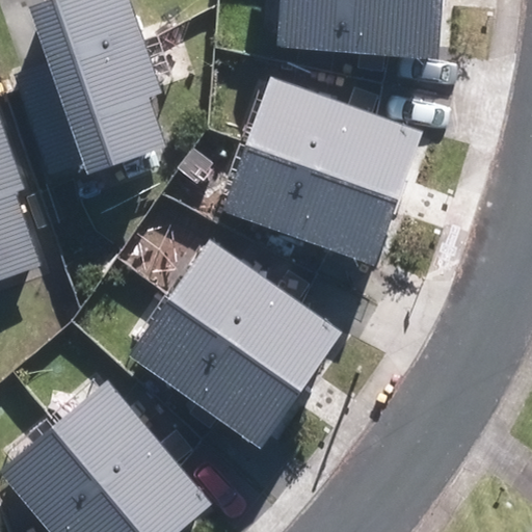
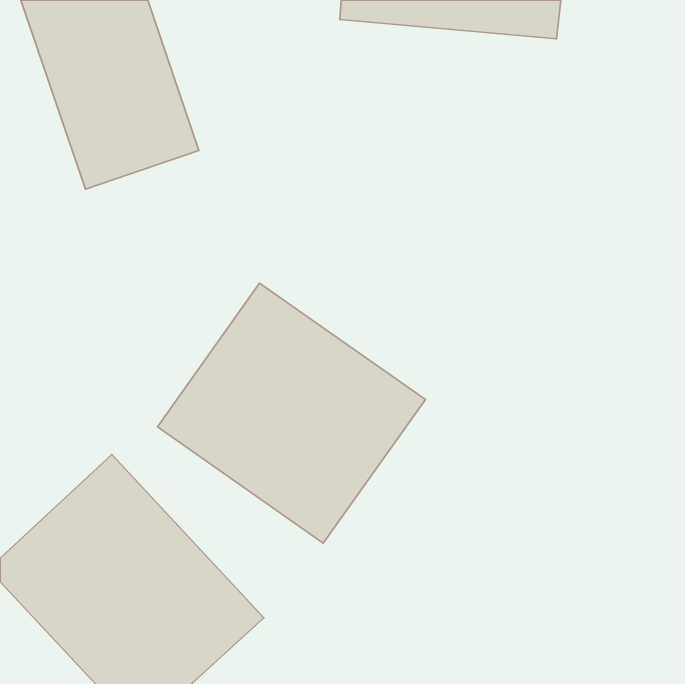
building: [224,71,419,249] -> none

